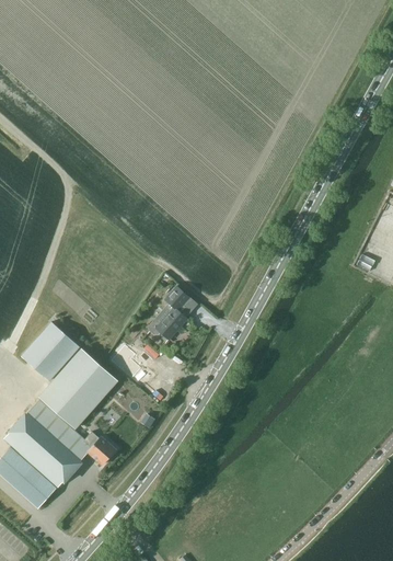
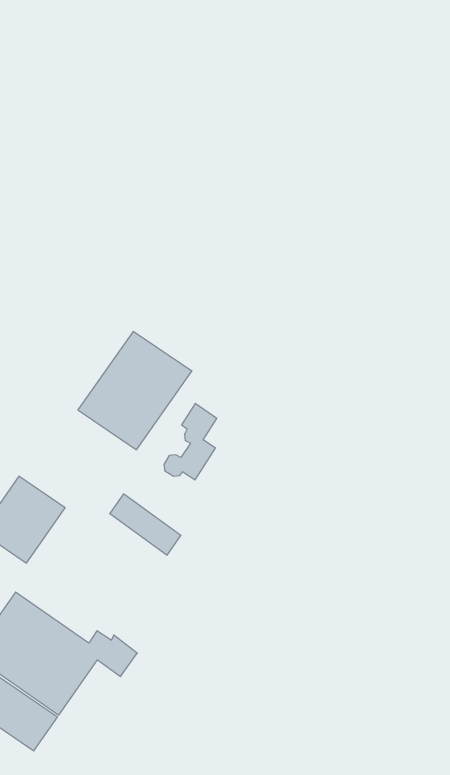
building: [38,348,118,428] -> [78,331,192,450]

